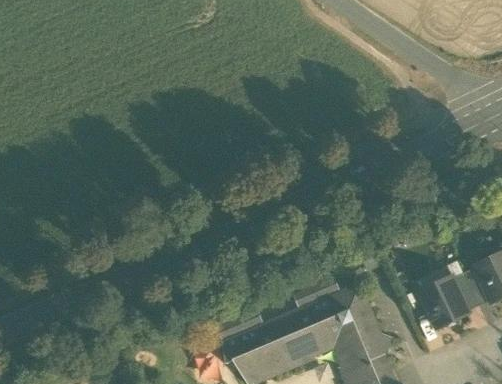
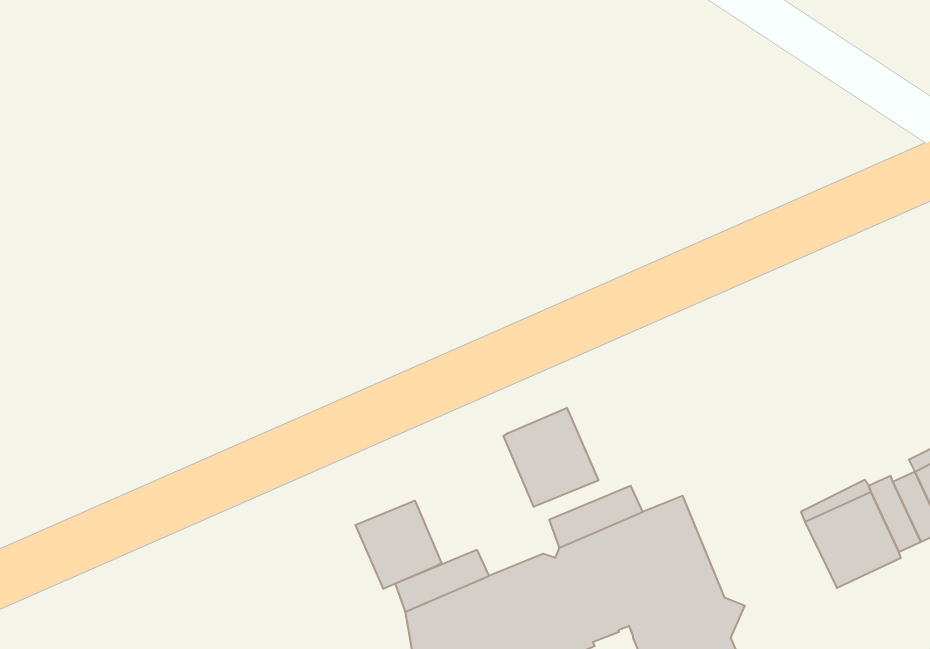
building: none -> [503,408,599,507]
building: none -> [355,501,442,589]

